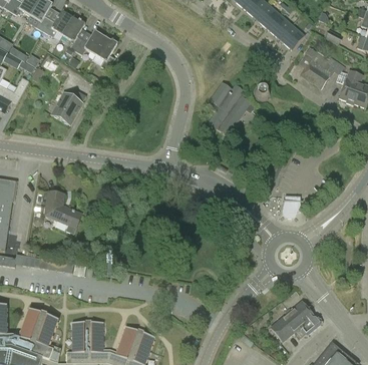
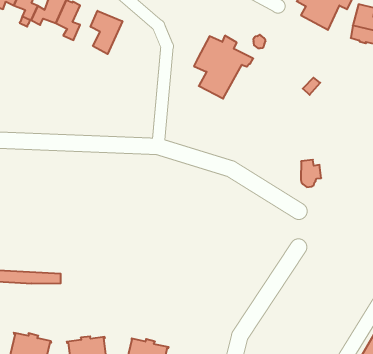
building: none -> [91,11,122,54]
building: [51,90,86,125] -> none
building: [46,192,82,234] -> none
building: [270,301,321,342] -> none

